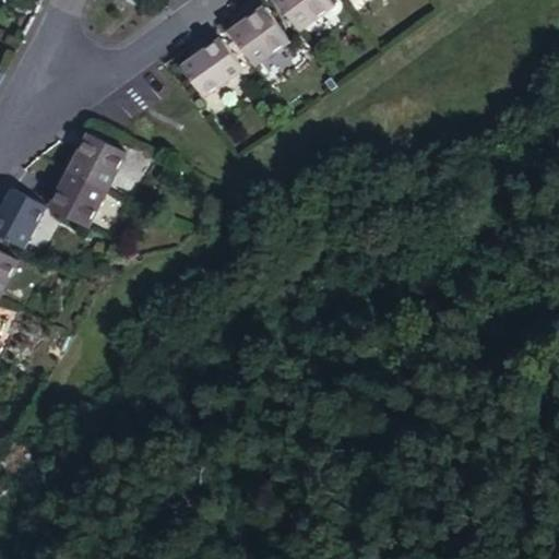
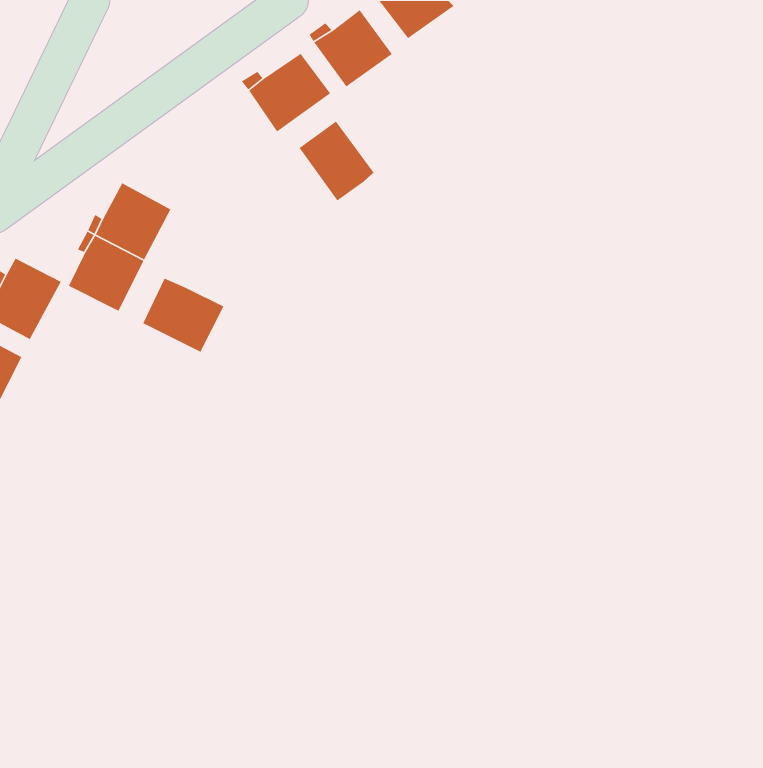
building: none -> [299,120,375,201]
building: none -> [142,277,224,353]

